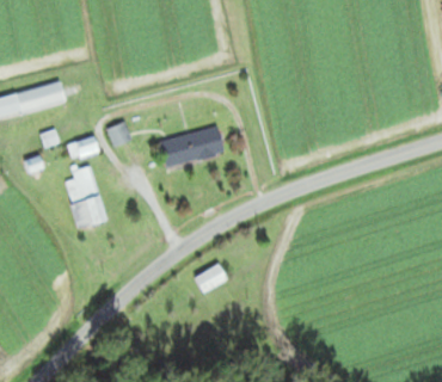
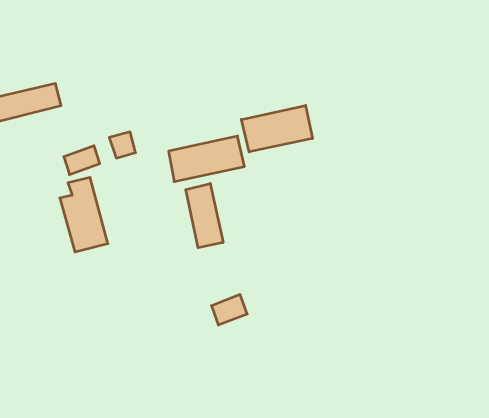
building: none -> [241,105,312,152]
building: none -> [186,183,223,248]

